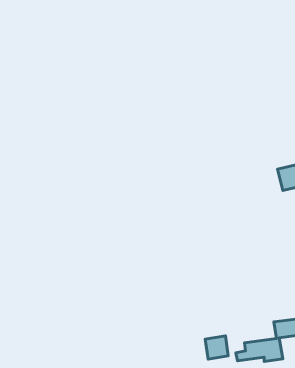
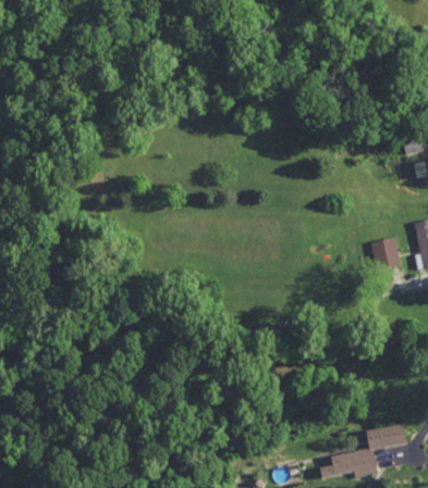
building: [205,336,228,359] -> none

